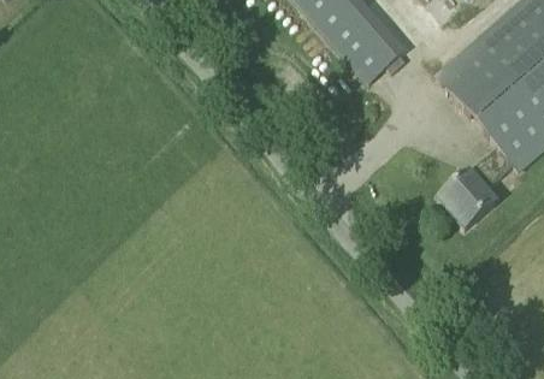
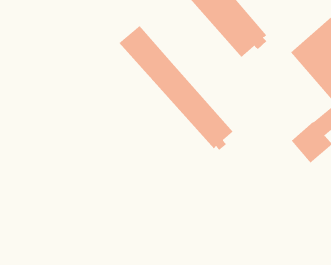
building: none -> [118,25,233,151]

